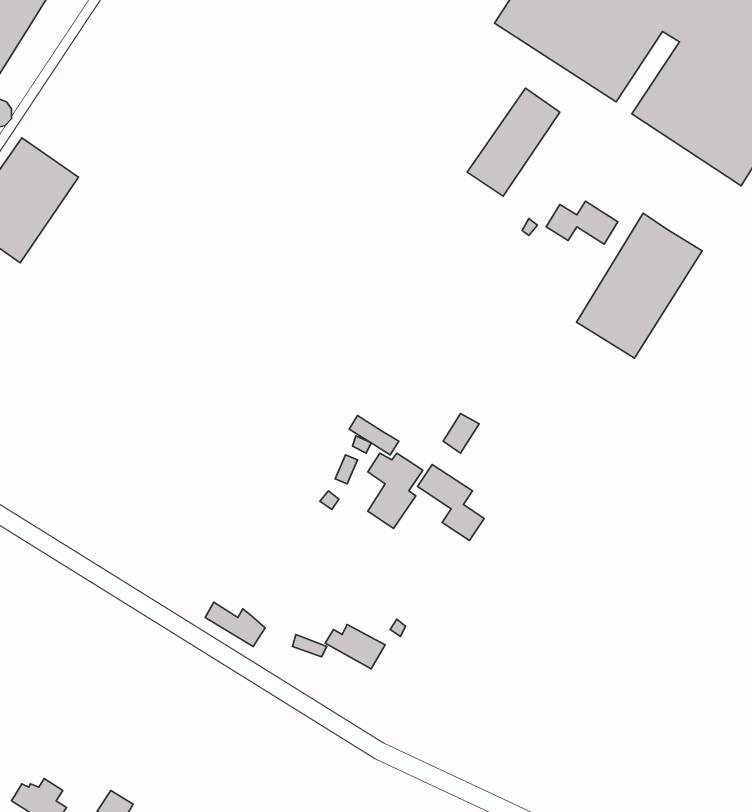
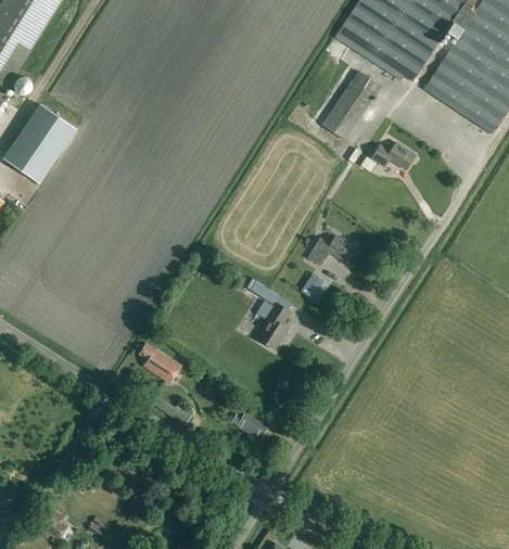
building: [576,213,702,358] -> none
building: none -> [306,235,355,267]
building: [418,465,484,541] -> none
building: none -> [137,343,180,383]

